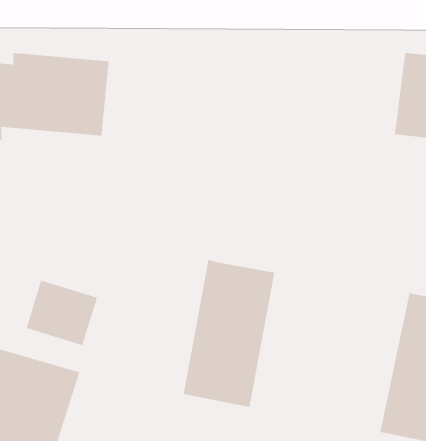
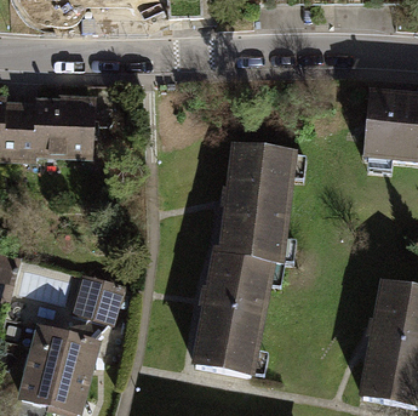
building: none -> [221,150,287,268]

